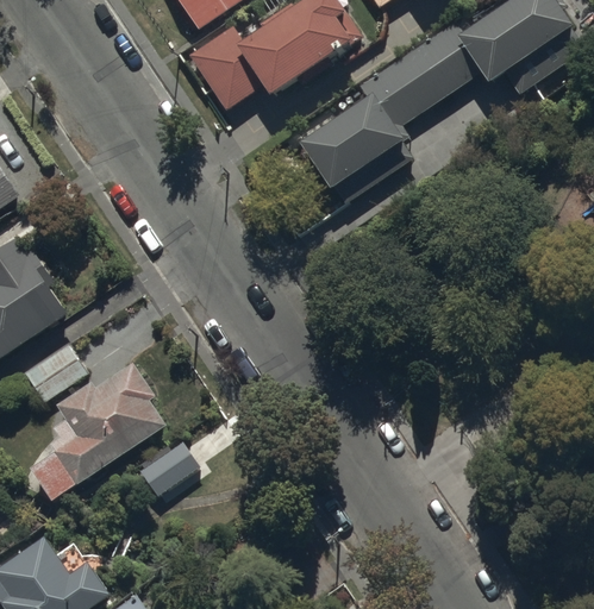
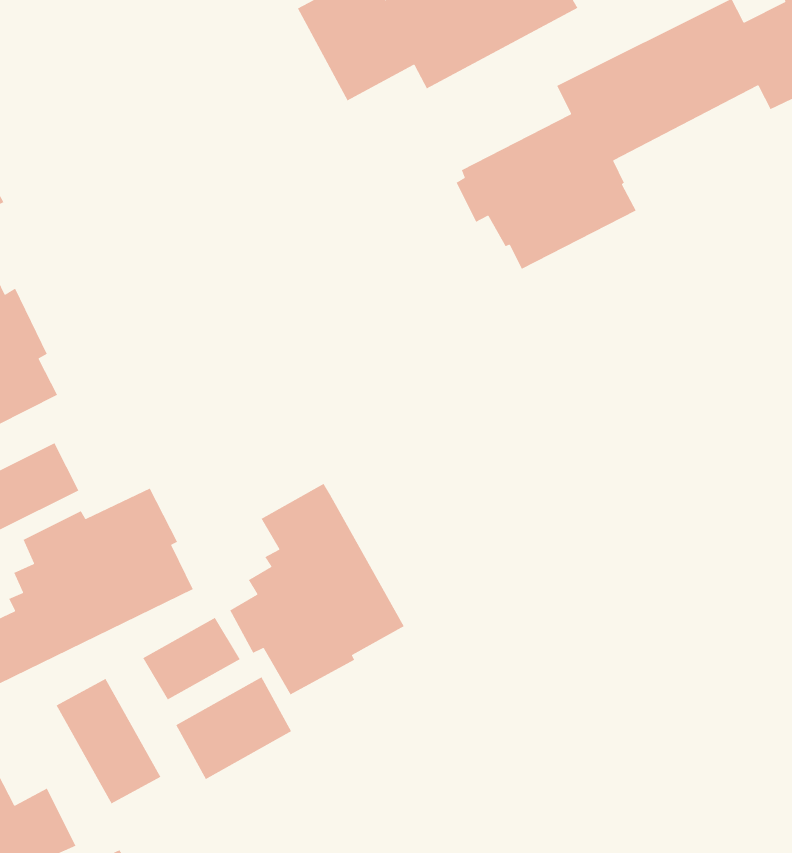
building: none -> [229,483,405,696]
building: none -> [175,676,292,780]
building: none -> [56,678,161,805]

